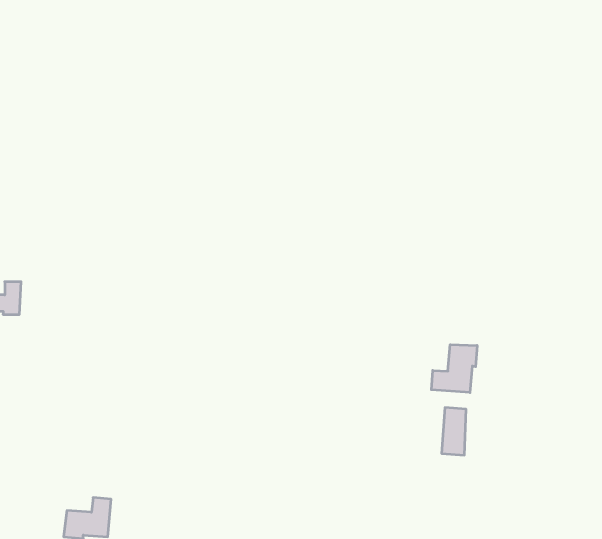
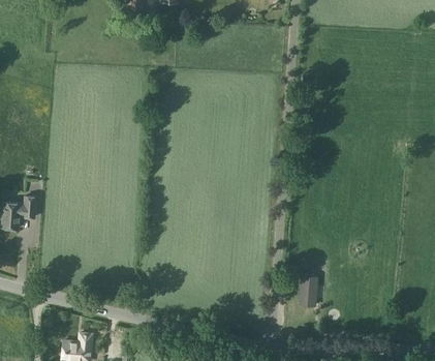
building: [431,345,477,393] -> none

